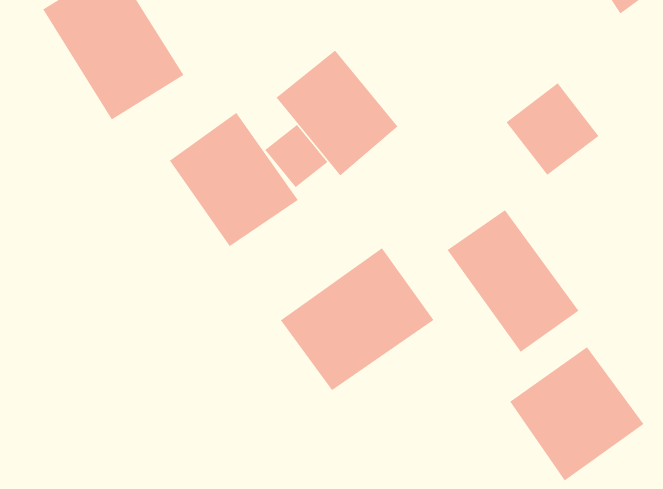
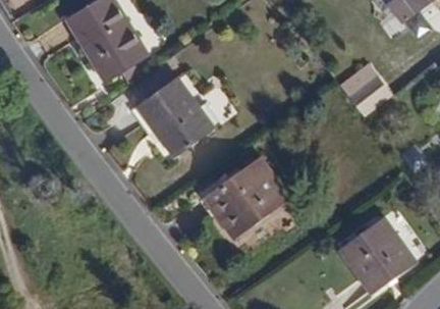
building: [276,50,399,176] -> none
building: [447,209,579,353] -> none

